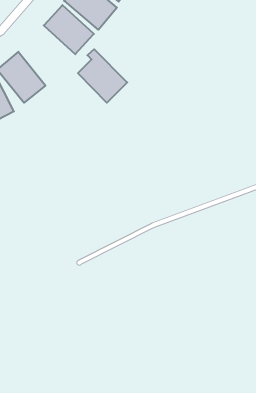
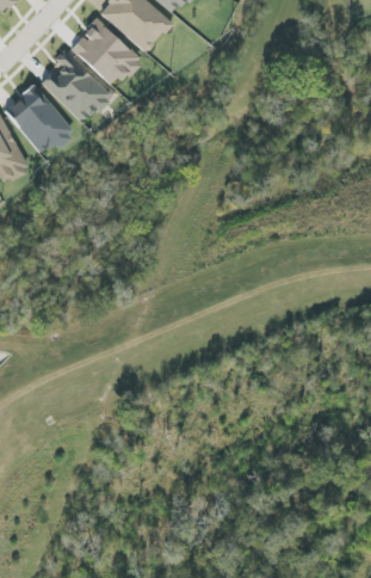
building: [78,49,127,103] -> [42,49,111,124]

